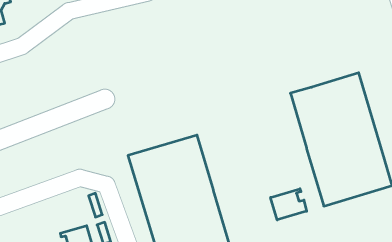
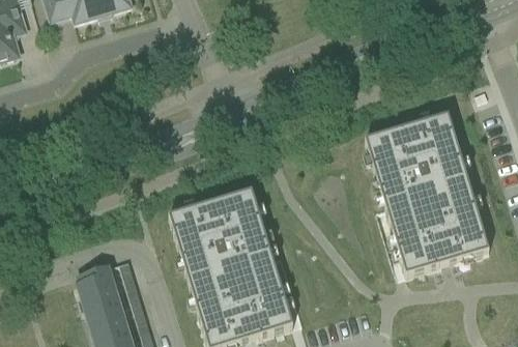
building: [271,189,307,220] -> none
building: none -> [78,265,118,308]

